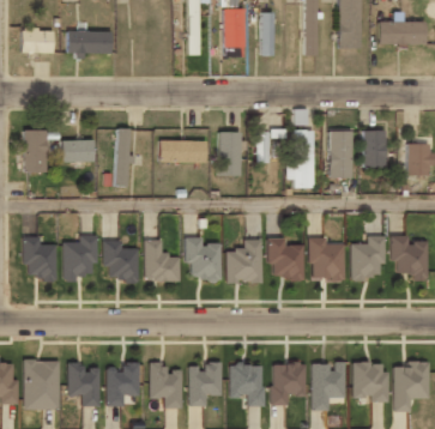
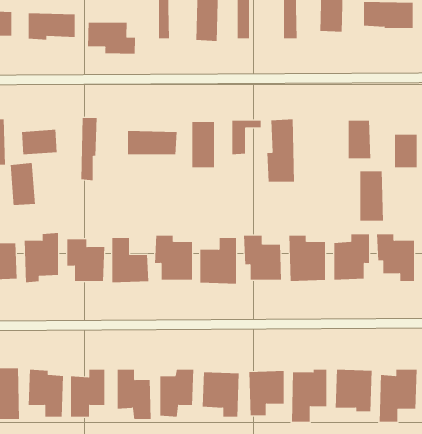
building: none -> [88,22,136,55]
building: [330,132,352,179] -> [359,171,384,221]
building: none -> [10,162,35,206]

